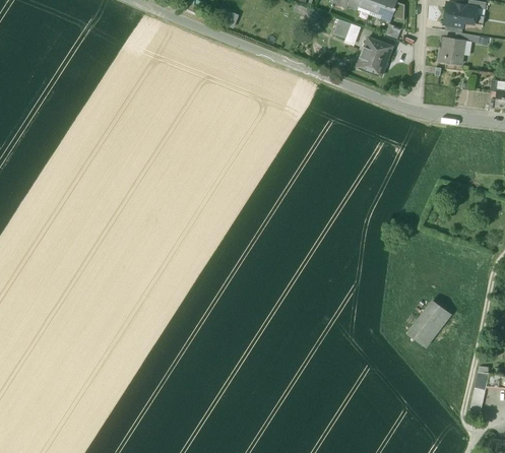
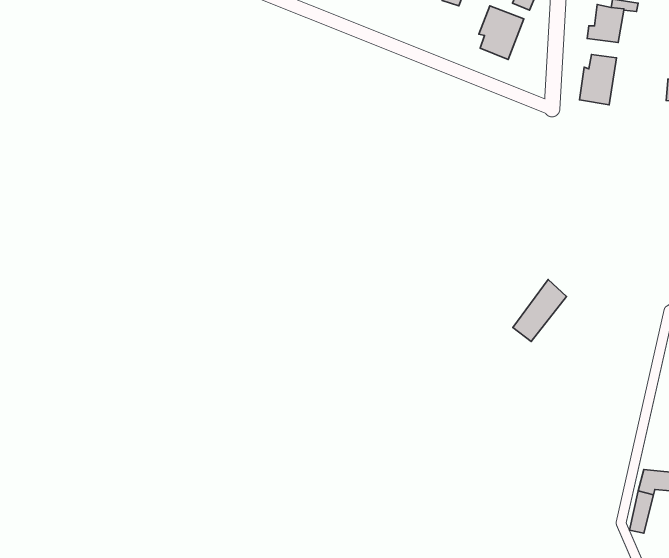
building: none -> [580,54,616,105]
building: [407,299,446,343] -> [513,280,566,342]

